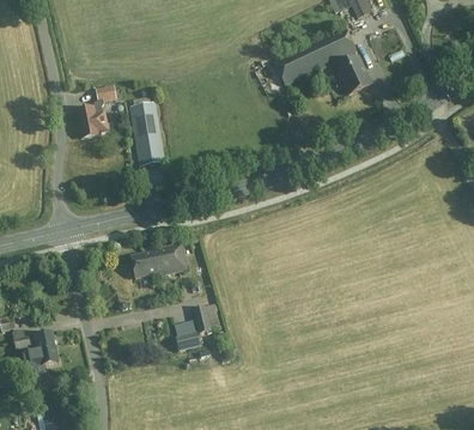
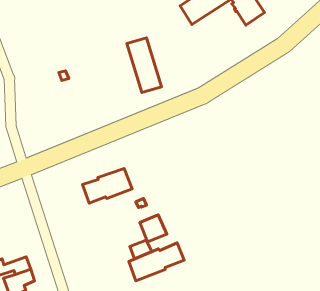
building: [75,85,115,138] -> none
building: [129,102,163,165] -> [127,38,161,92]
building: none -> [129,243,184,281]

